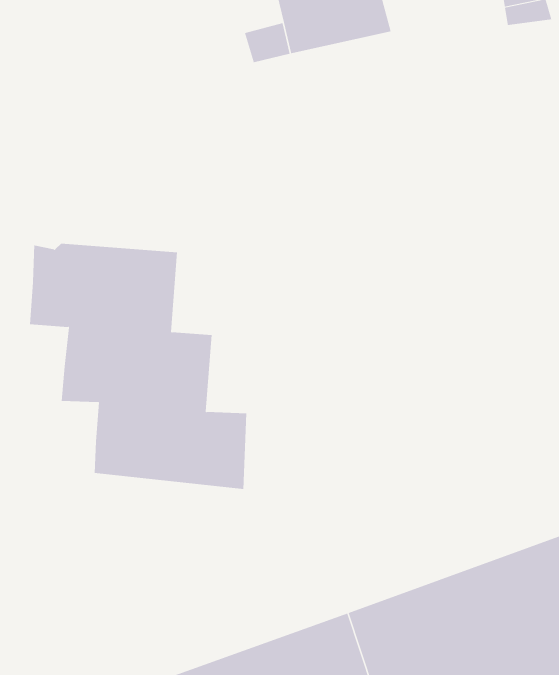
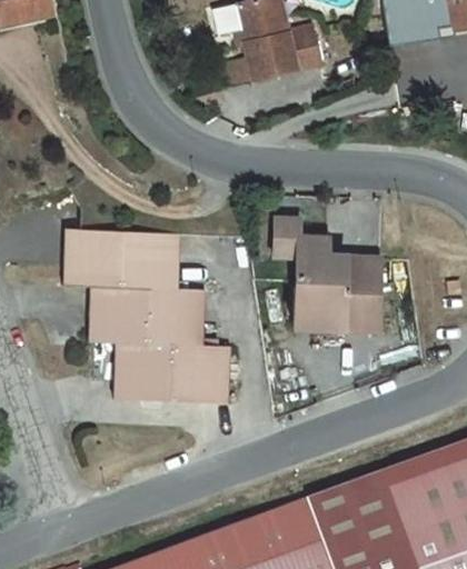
building: none -> [277,224,382,338]

